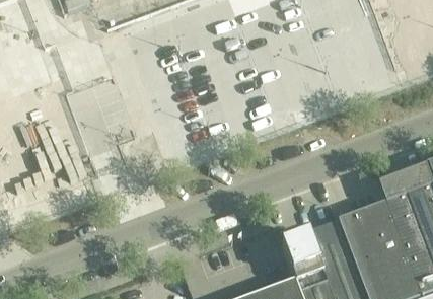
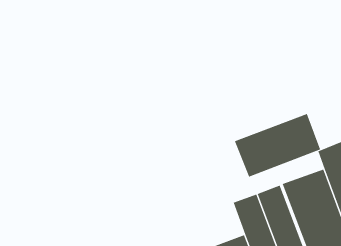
building: none -> [234,113,321,178]

